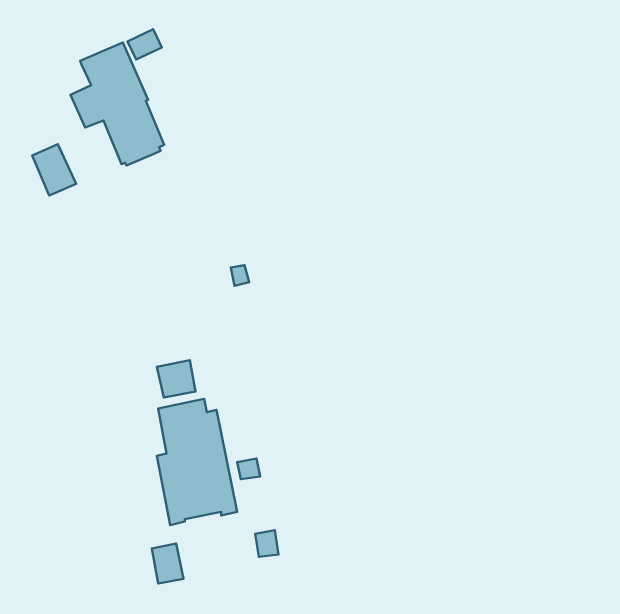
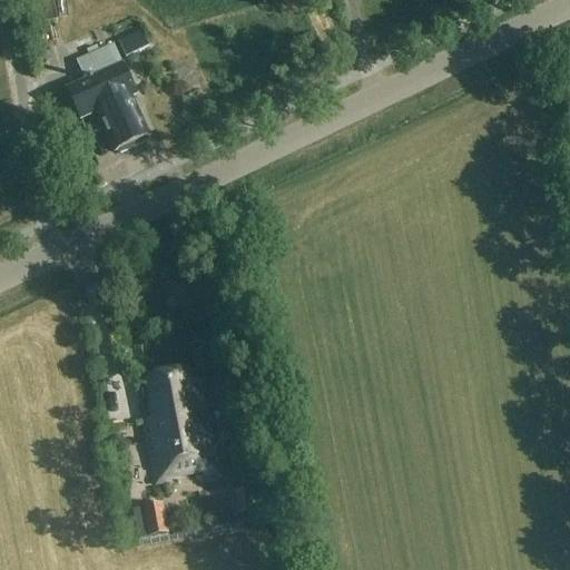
building: [32,144,76,196] -> none
building: [157,360,195,398] -> none

